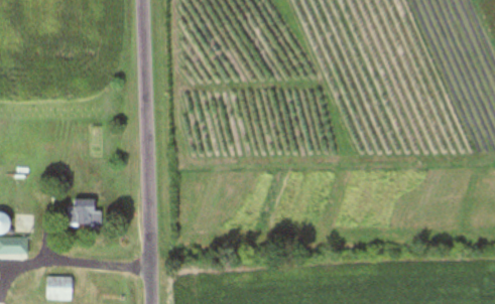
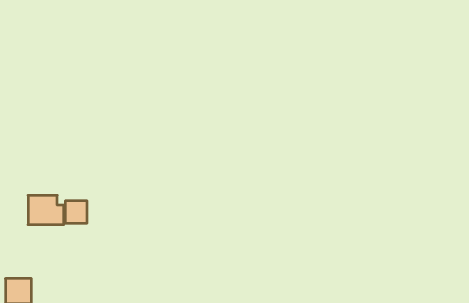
building: none -> [66,201,87,223]

